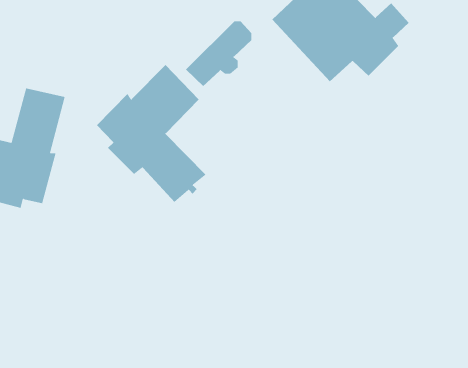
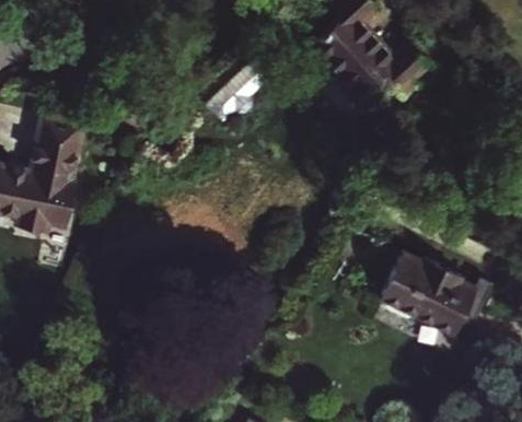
building: [96,64,206,203] -> none
building: none -> [376,255,471,332]

